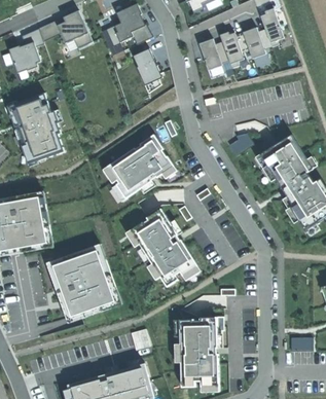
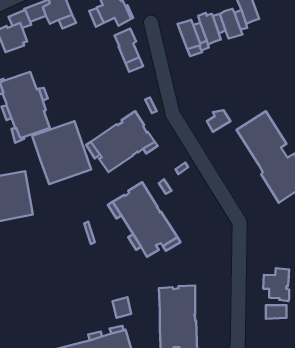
building: [52,251,114,317] -> [32,121,91,184]
building: none -> [263,268,289,301]

